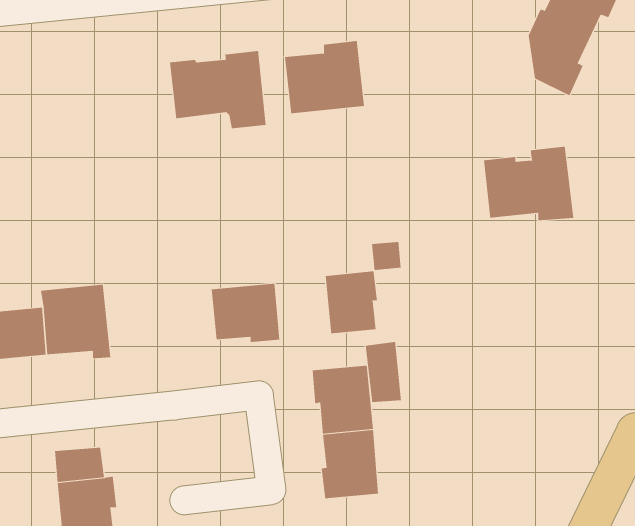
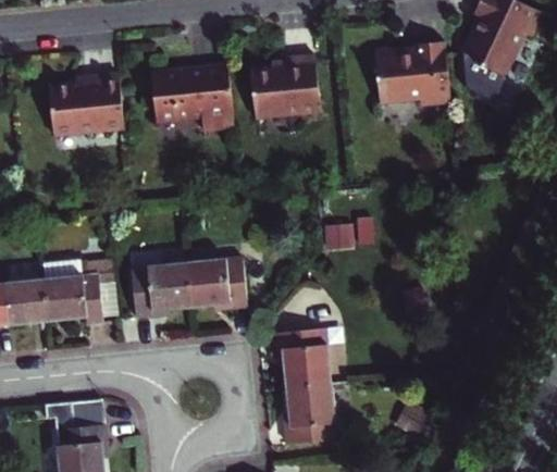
building: none -> [51,70,126,132]
building: [483,146,574,221] -> [375,40,454,104]
building: [325,270,378,334] -> none
building: none -> [132,265,193,319]
building: [365,341,401,403] -> none

